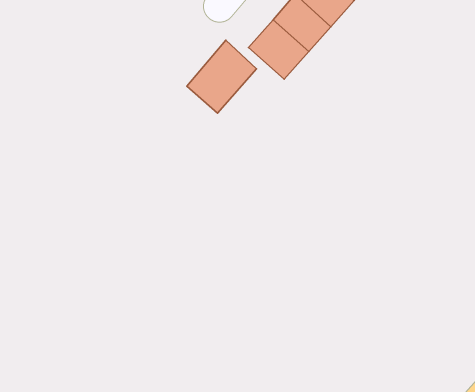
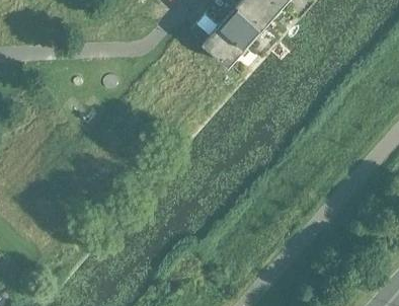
building: [187,40,257,113] -> none

